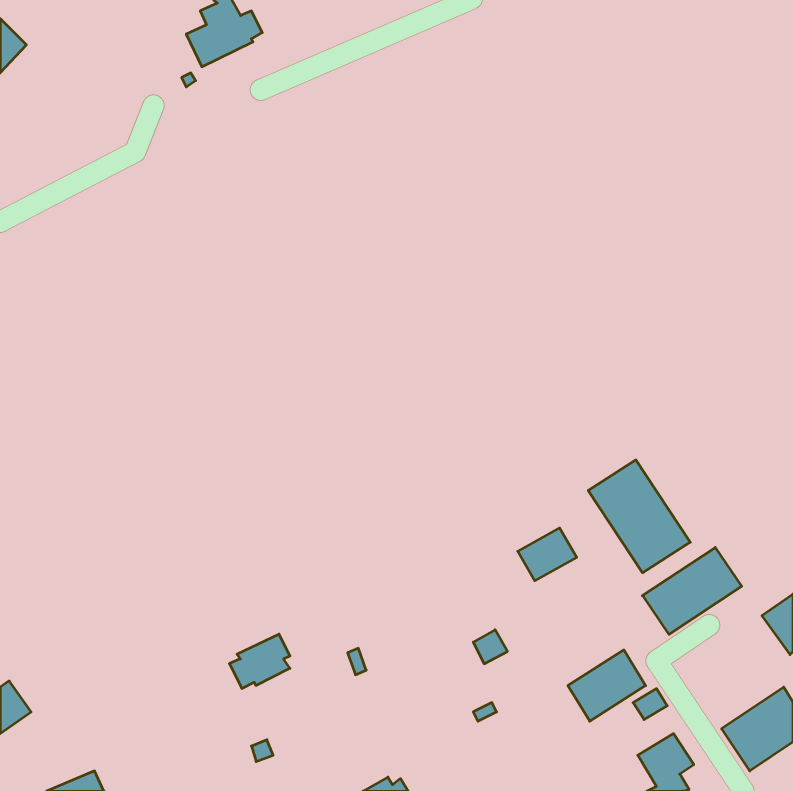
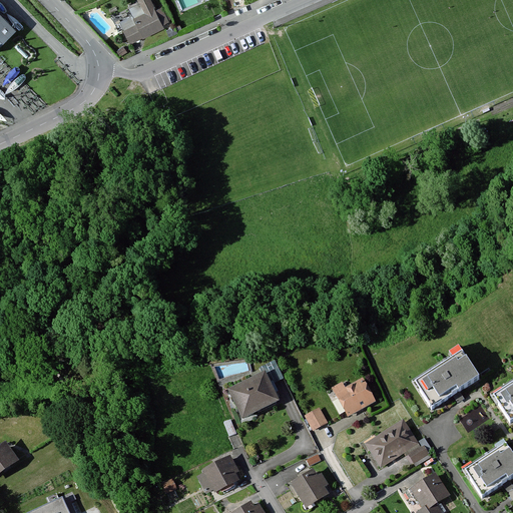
building: [588,460,690,573] -> none
building: [518,528,577,581] -> [337,381,375,415]
building: none -> [227,370,279,417]
building: [229,634,290,688] -> [198,456,237,491]
building: none -> [291,468,328,507]

